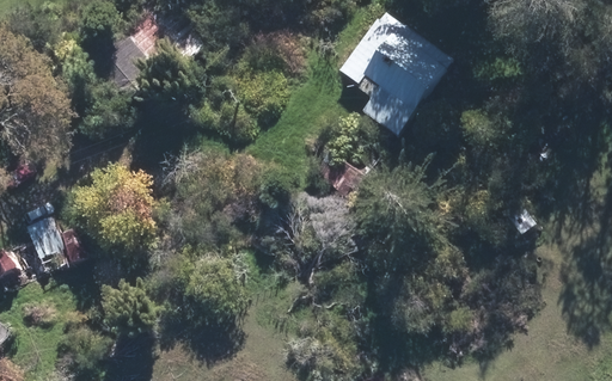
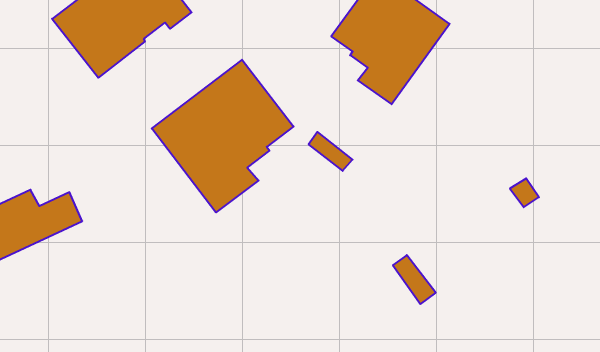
building: none -> [152,60,294,212]

